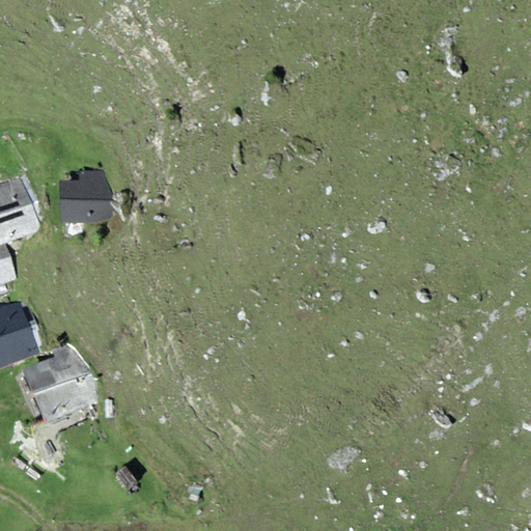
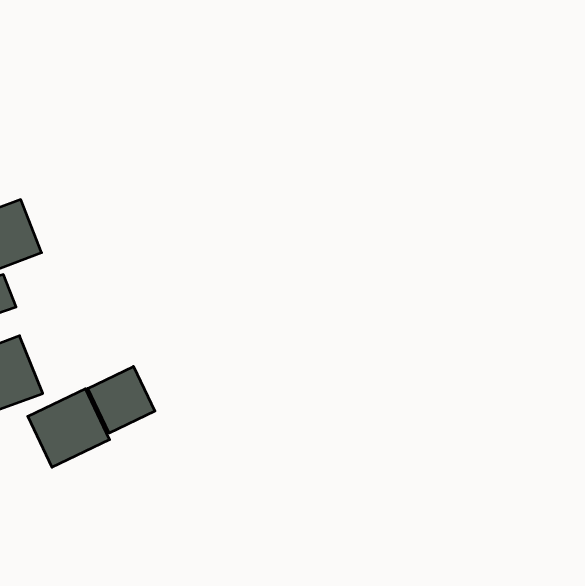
building: [61,168,109,223] -> none
building: none -> [88,366,155,433]

